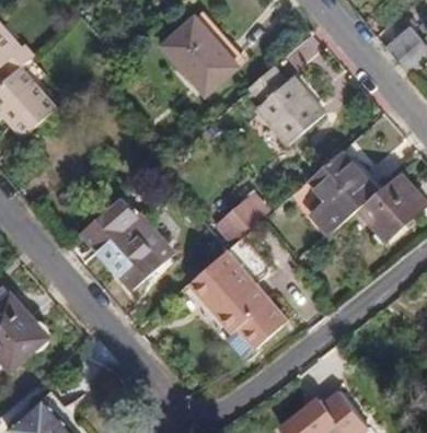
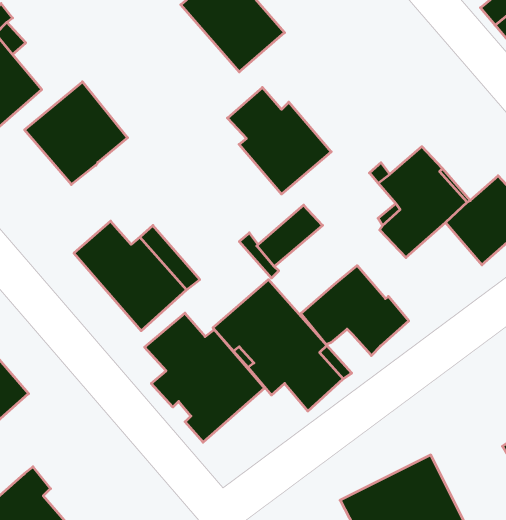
building: [245,65,323,144] -> [227,87,331,194]
building: none -> [25,82,128,185]
building: none -> [301,266,409,356]
building: none -> [145,313,264,442]

